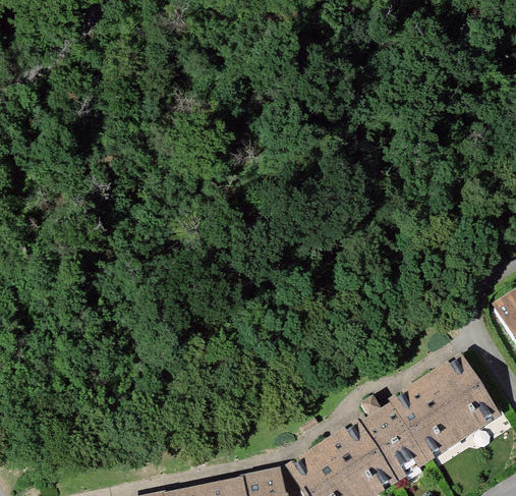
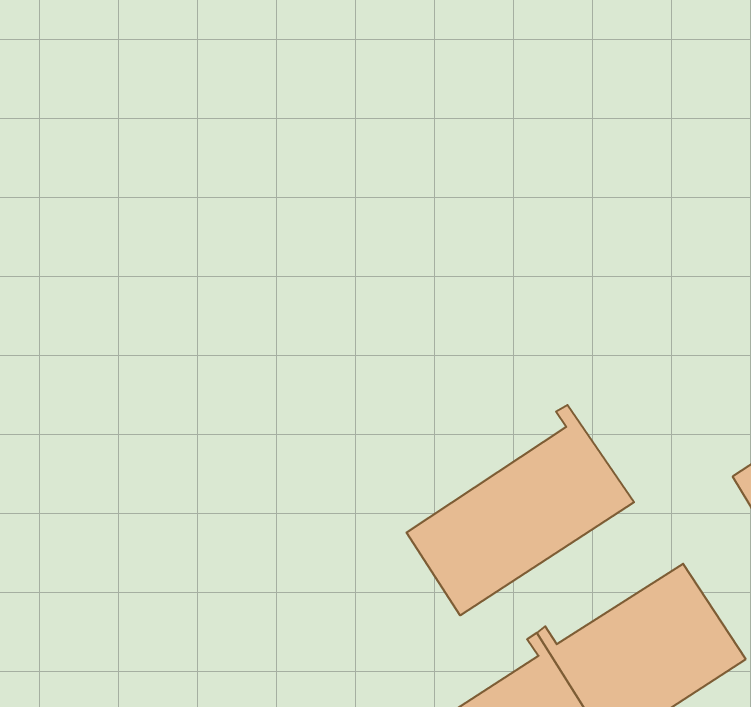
building: none -> [407,405,634,615]

